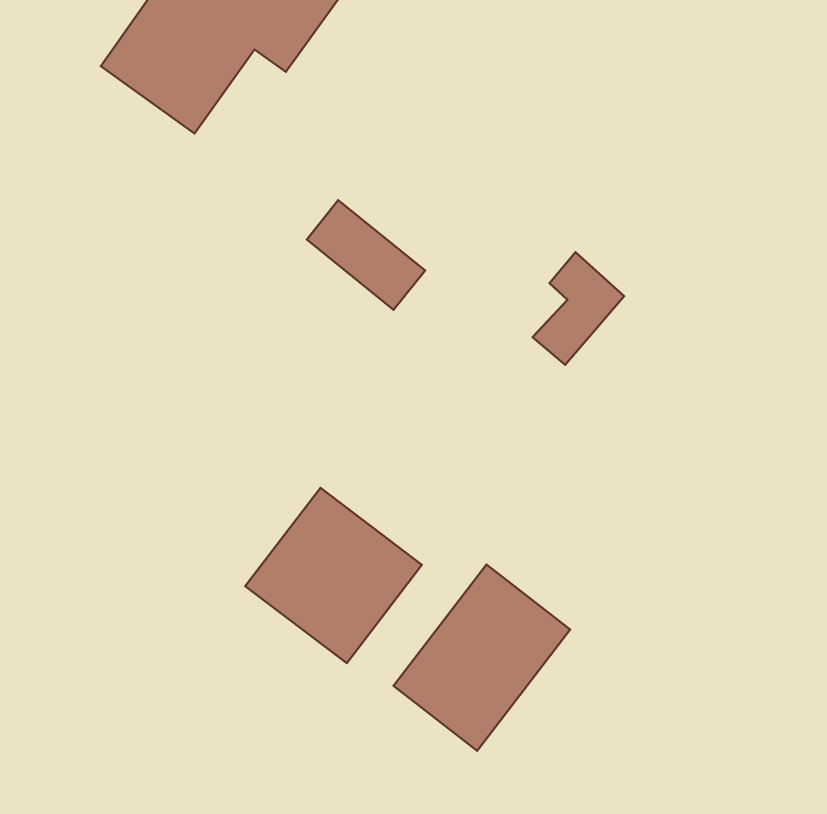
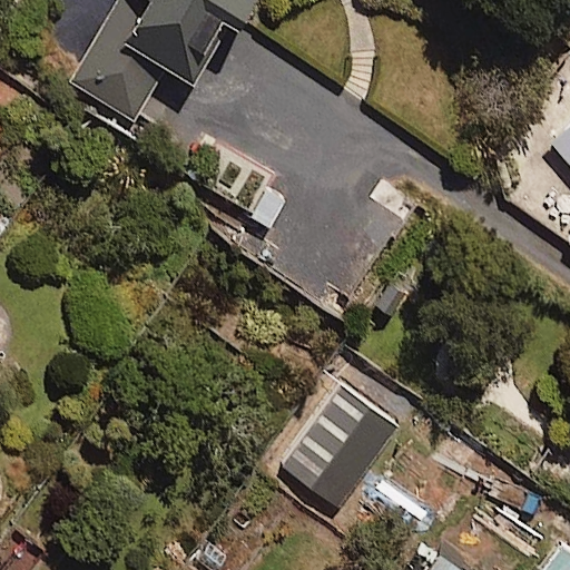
building: [245,488,422,663] -> none

